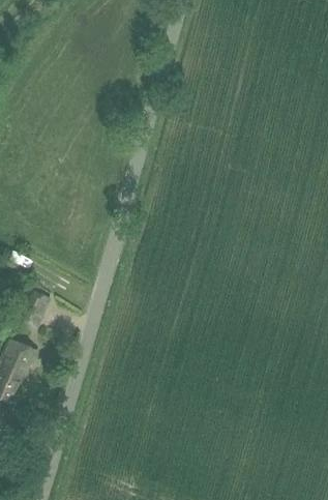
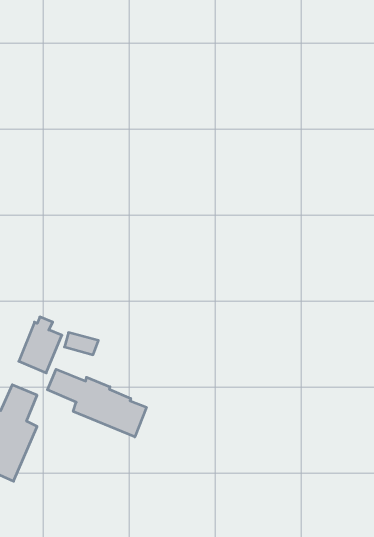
building: none -> [47,369,146,437]

